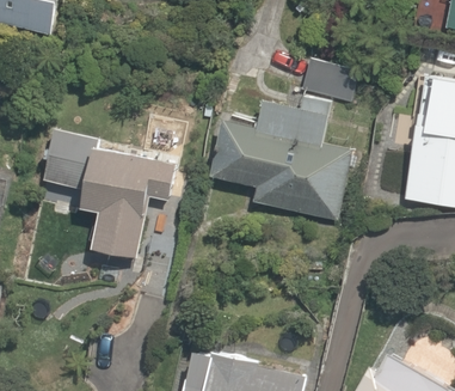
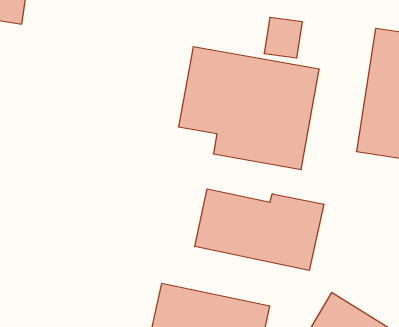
building: [38,124,183,261] -> none
building: none -> [195,189,324,270]

